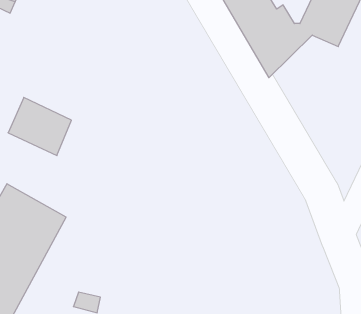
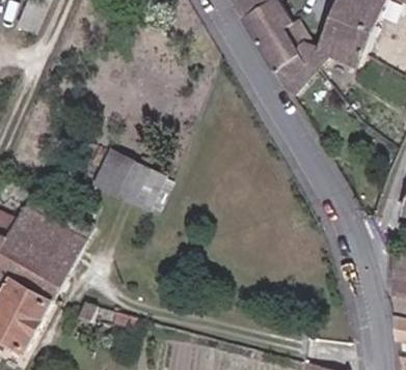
building: [8,97,71,156] -> [99,149,162,207]

